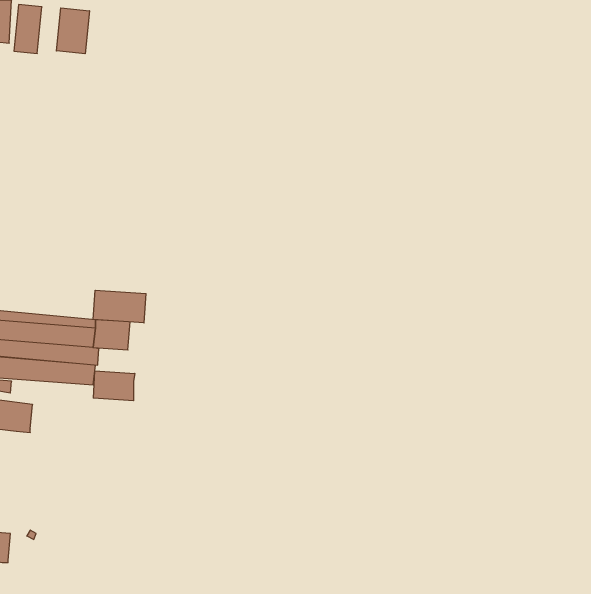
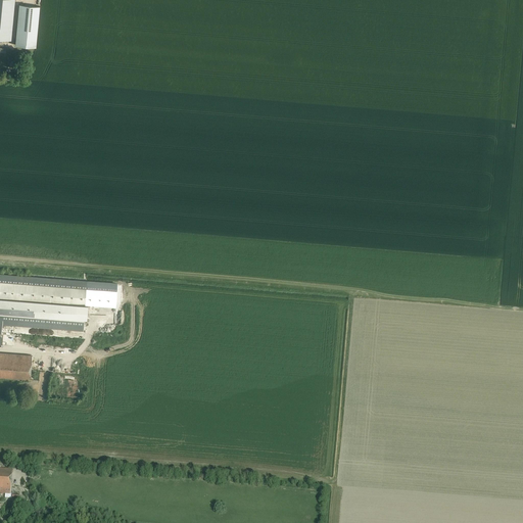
building: [56,8,89,54] -> none
building: [93,290,146,323] -> none
building: [93,371,135,401] -> none

